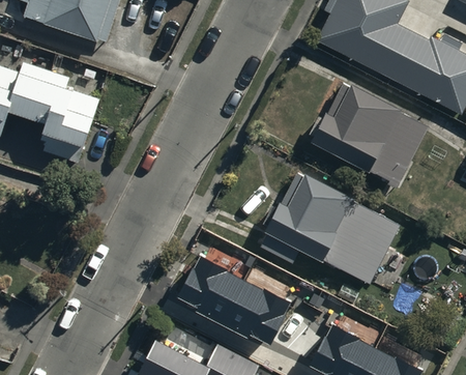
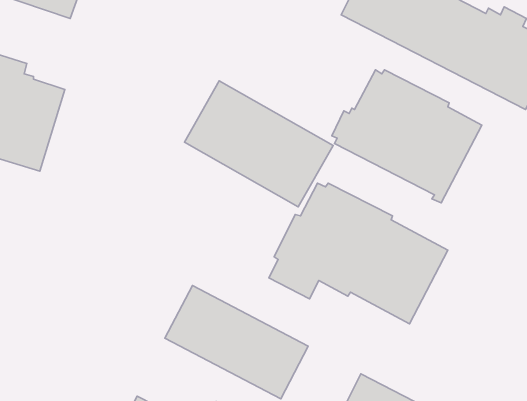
building: none -> [185,81,333,207]

